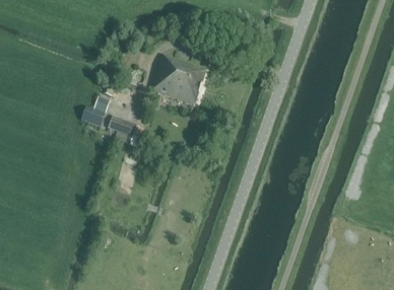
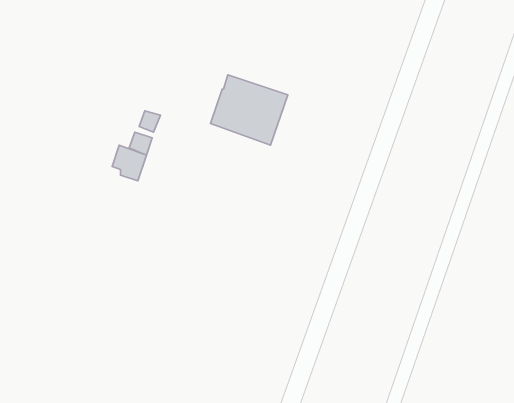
building: [108,114,136,142] -> none

